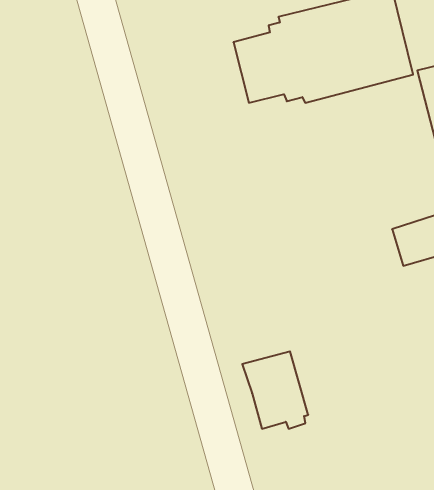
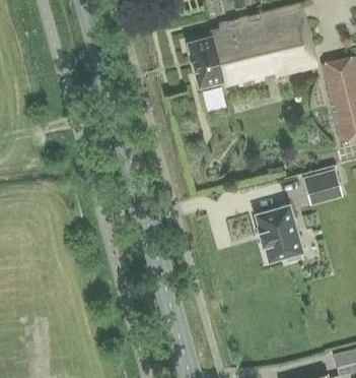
building: [242,351,308,429] -> [254,203,301,259]

